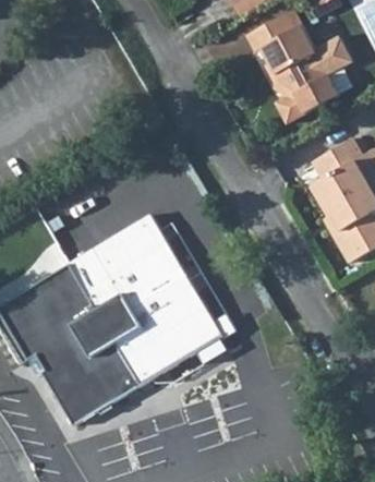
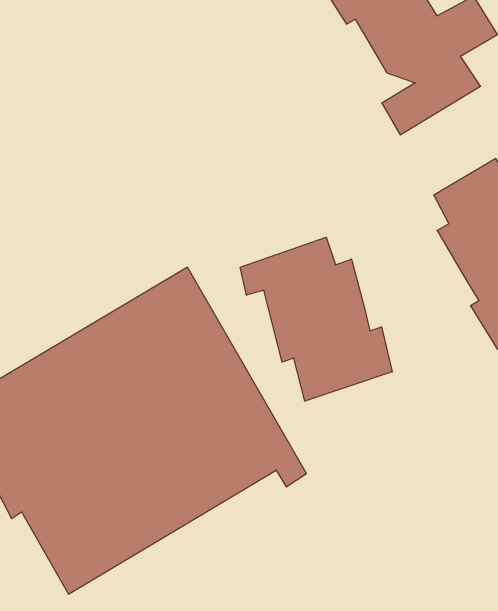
building: none -> [240,237,392,401]

